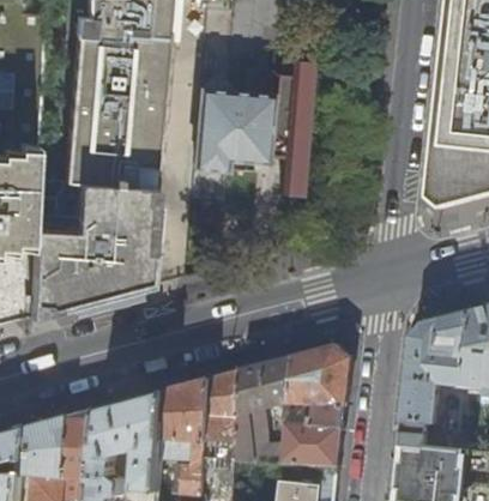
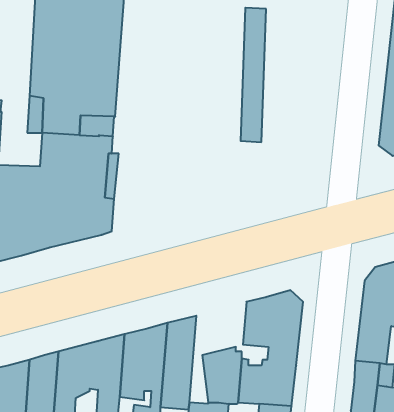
building: [192,66,273,168] -> none
building: [233,356,291,461] -> none

